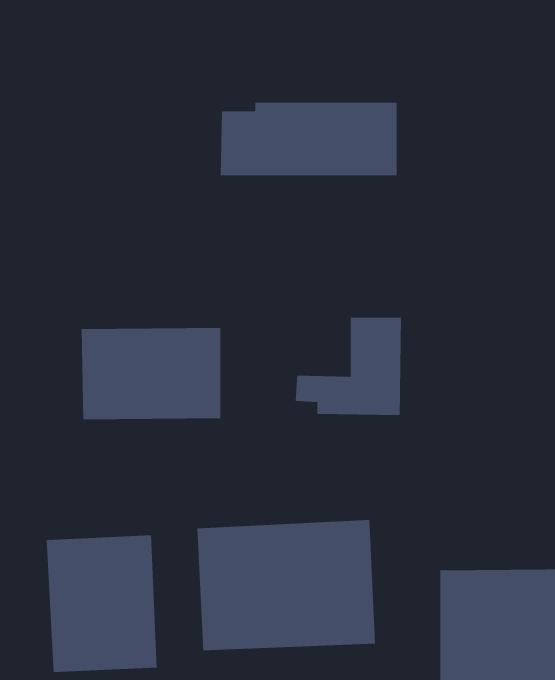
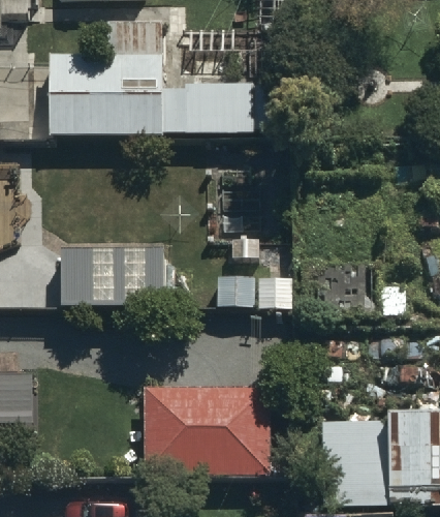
building: none -> [50,20,162,136]
building: [46,535,157,673] -> none

